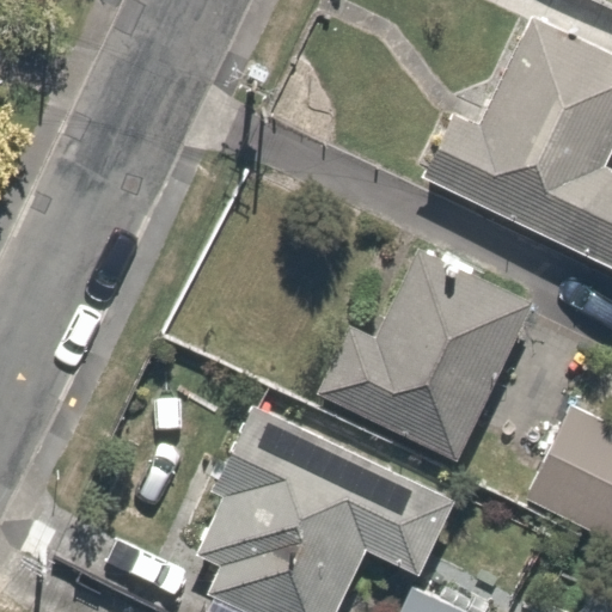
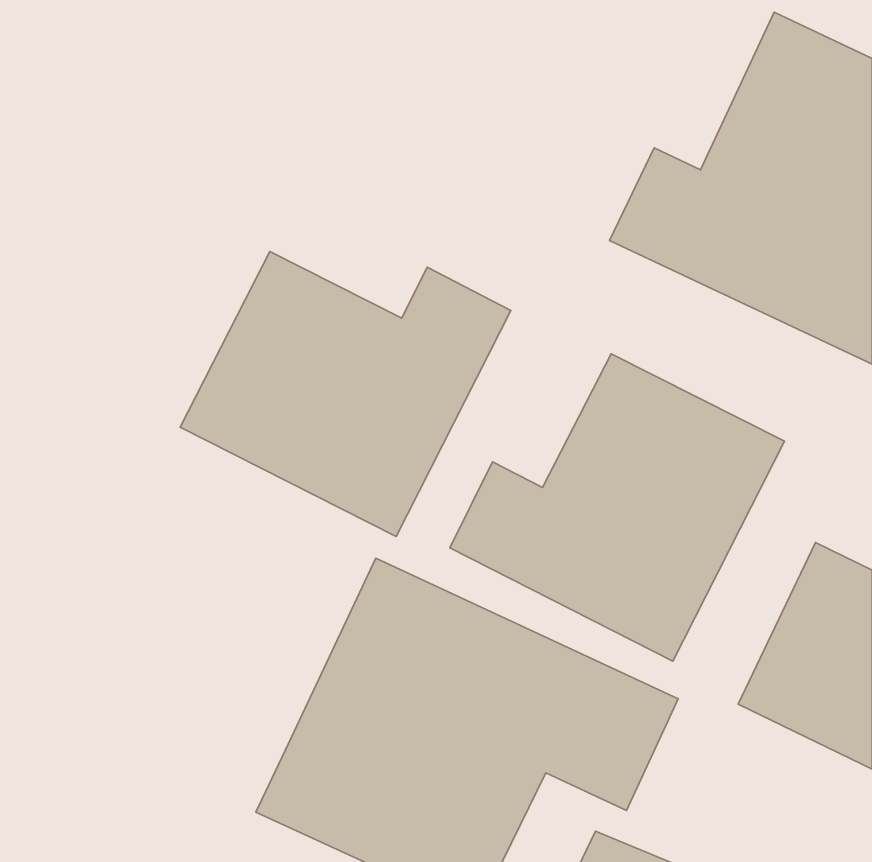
building: none -> [180,252,511,537]

